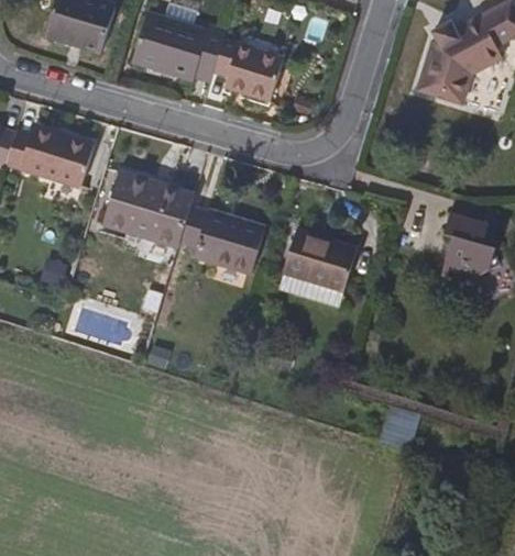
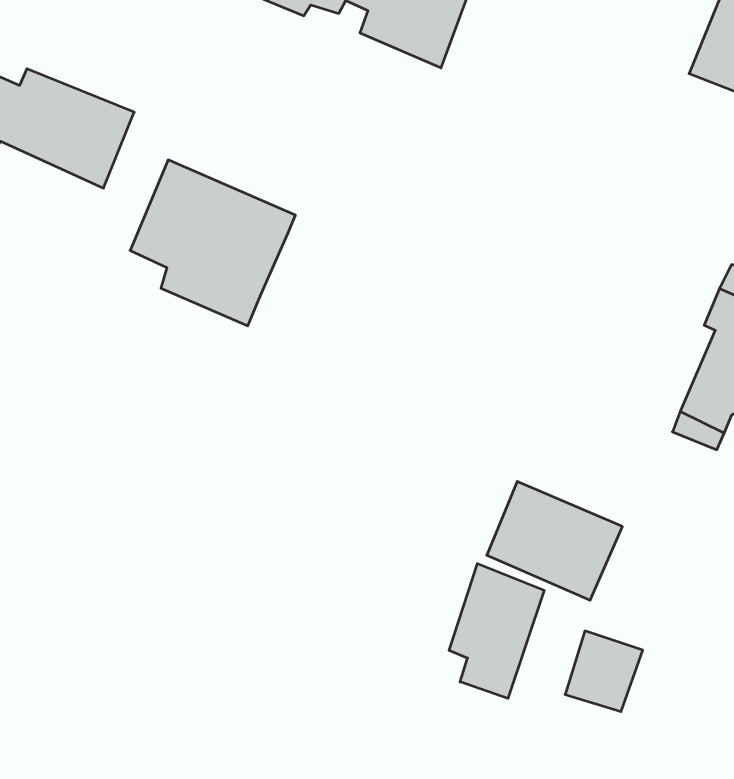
building: [182,205,269,275] -> none
building: [283,231,359,294] -> [487,481,622,600]
building: none -> [449,564,544,698]

